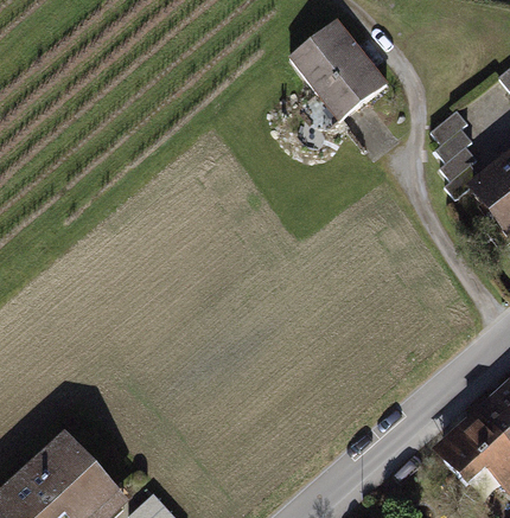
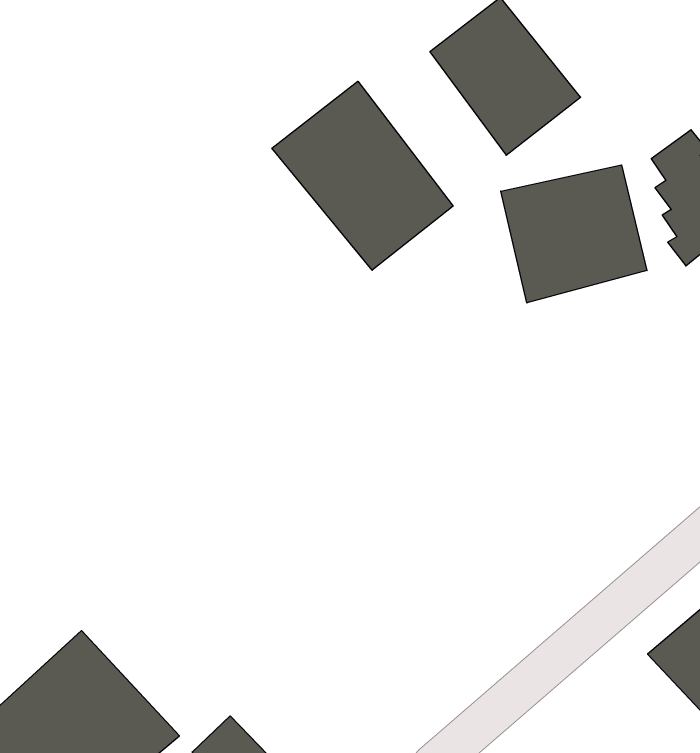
building: none -> [272,81,453,270]
building: none -> [501,165,647,303]

